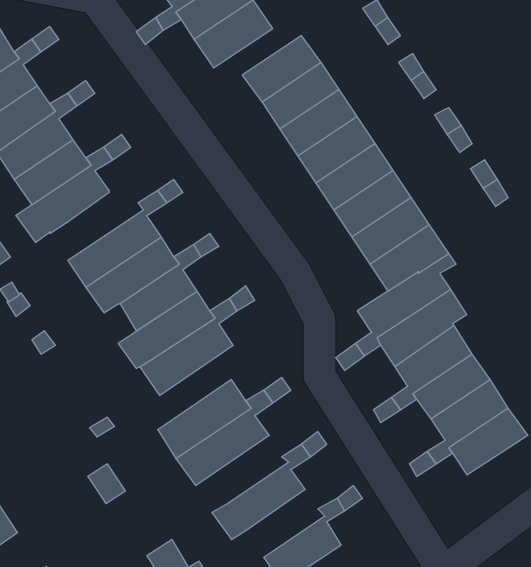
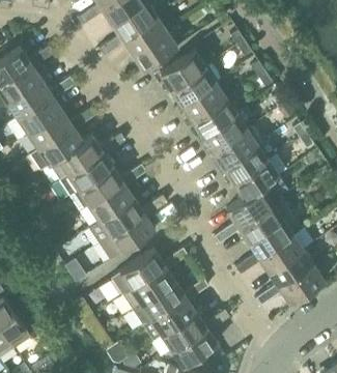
building: none -> [50,136,104,181]
building: none -> [134,282,188,326]
building: none -> [163,313,208,352]

